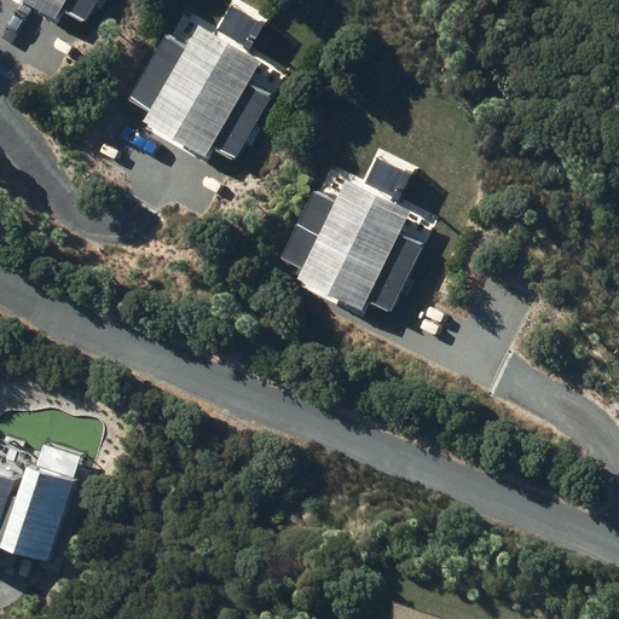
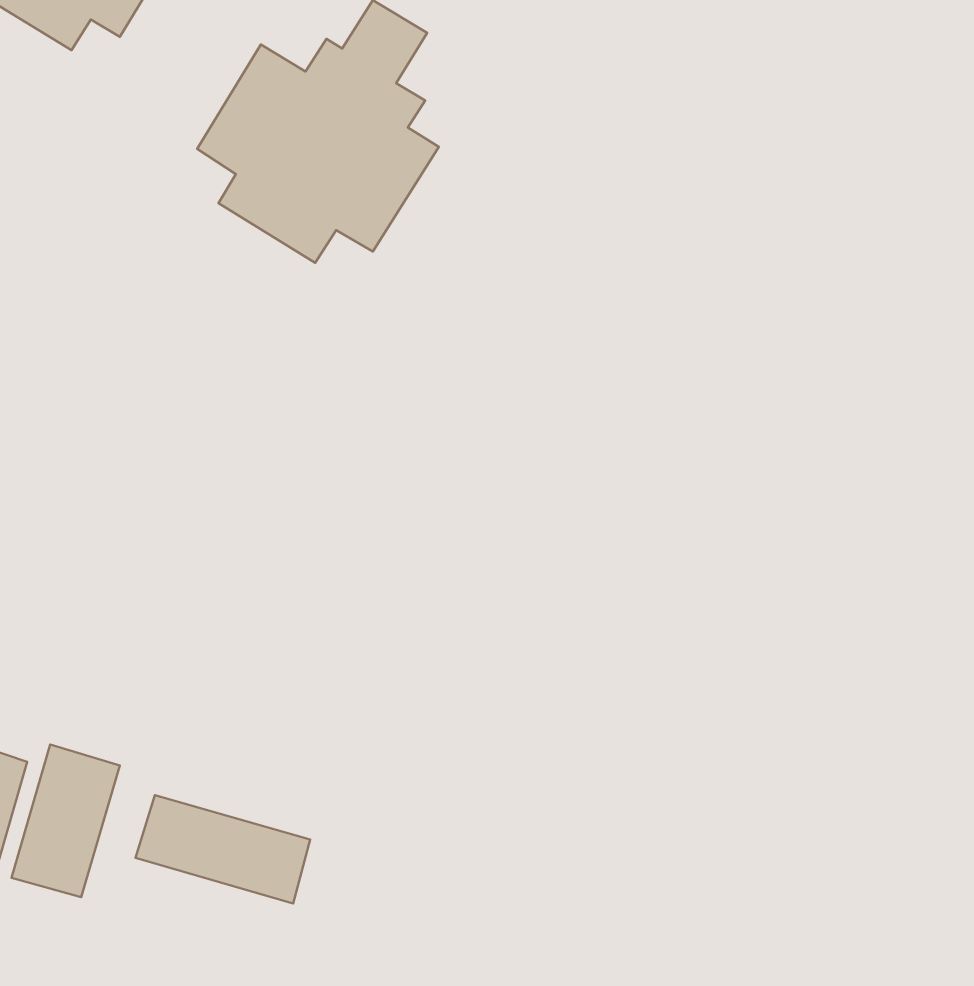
building: [283,180,427,312] -> none
building: none -> [136,795,310,903]

